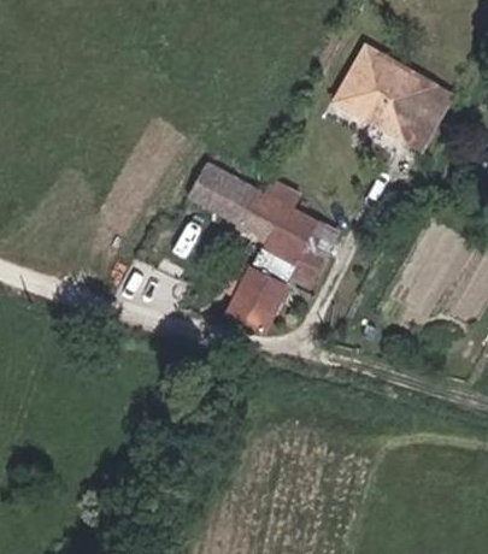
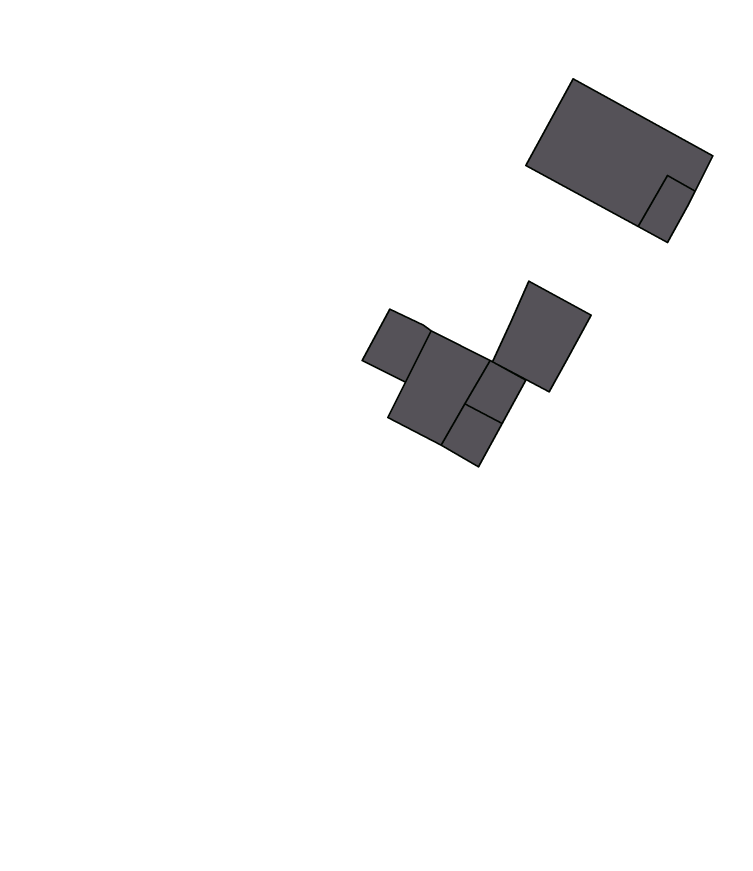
building: [187,161,258,222] -> none
building: none -> [492,281,591,392]
building: [227,265,284,329] -> none

